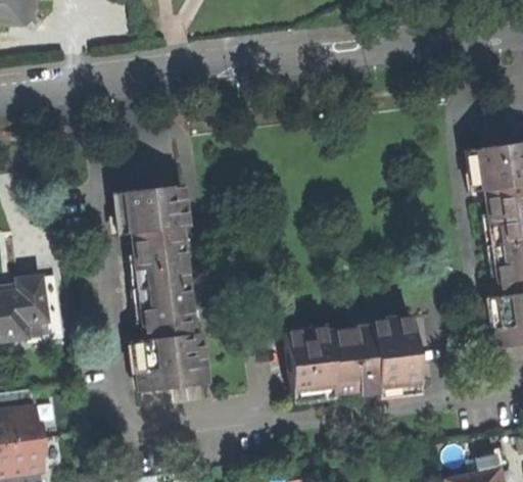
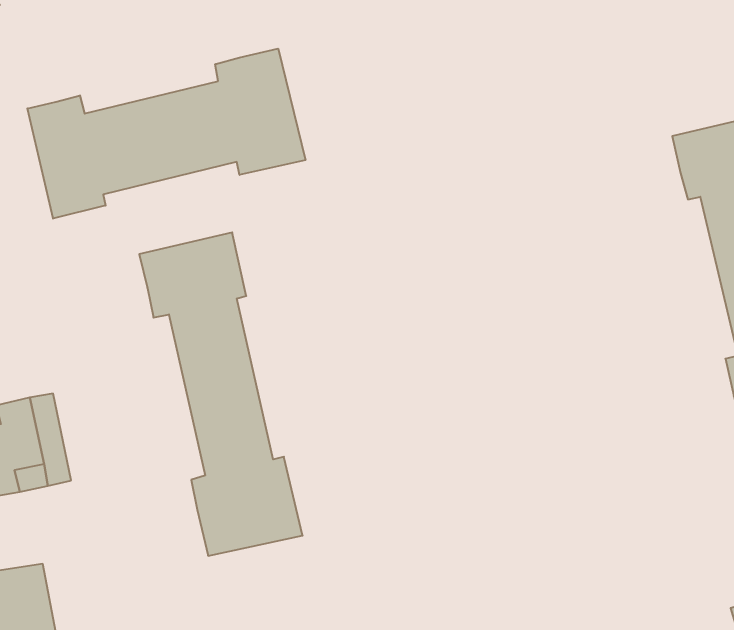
building: none -> [27,49,305,219]
building: [284,320,418,396] -> none

